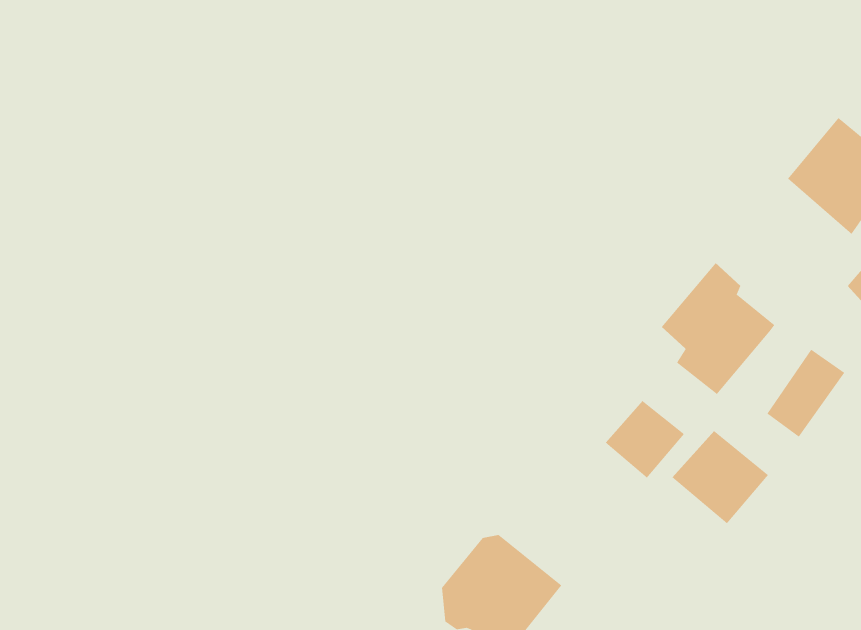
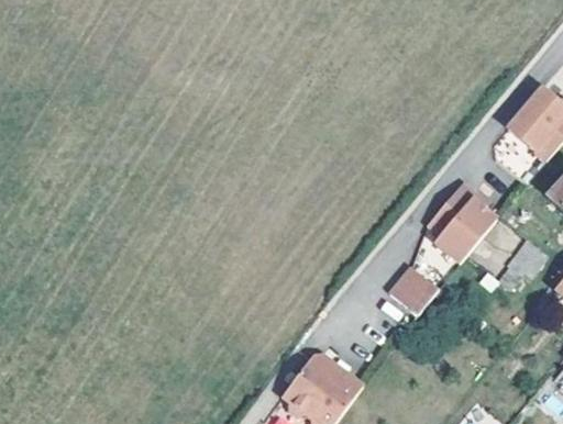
building: [672,430,769,524] -> none

